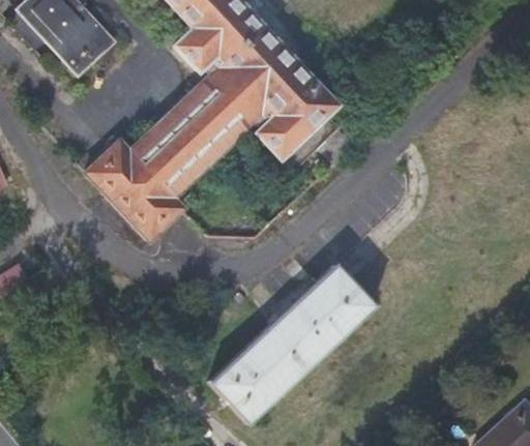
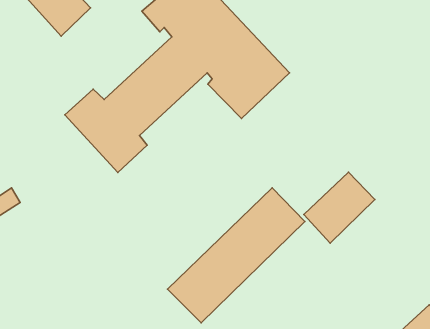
building: none -> [304,172,375,243]

